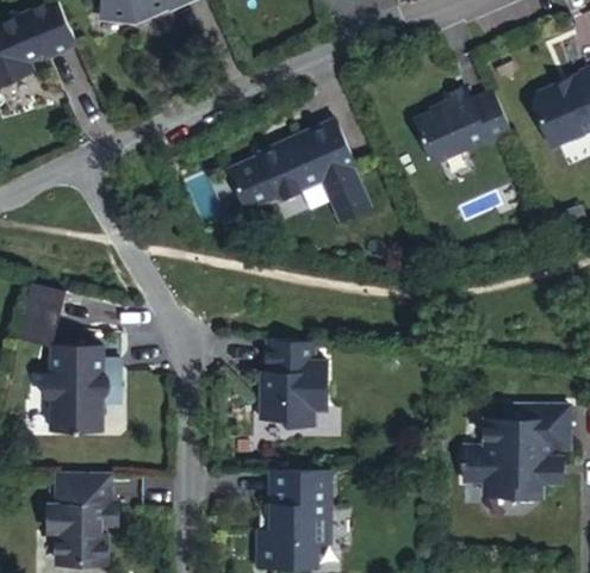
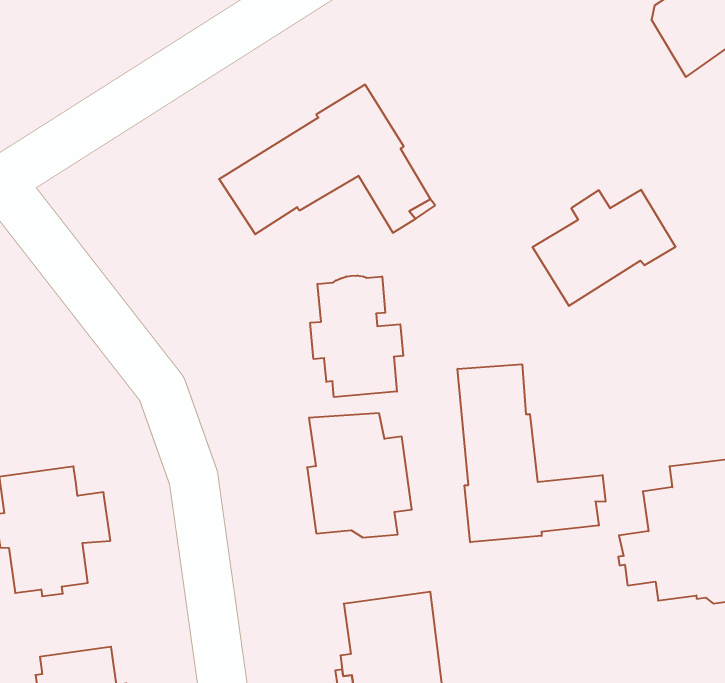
building: [416,89,513,164] -> [532,190,676,306]
building: none -> [310,275,403,397]
building: none -> [458,364,605,542]

